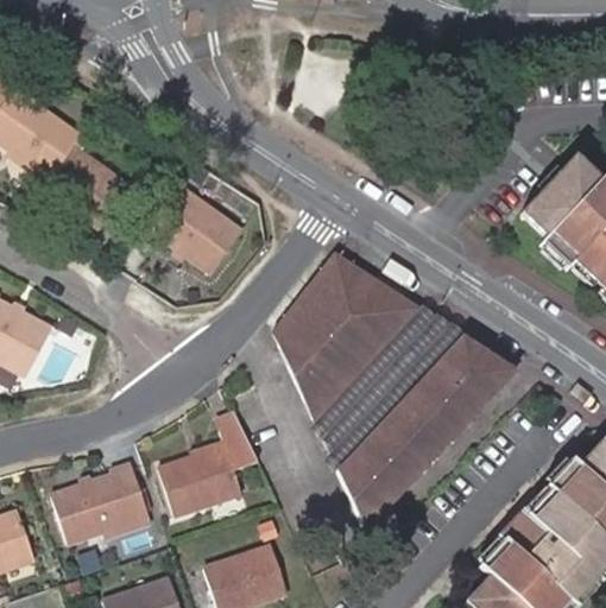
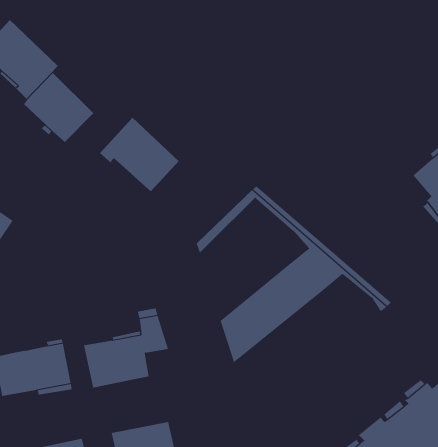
building: [280,266,410,418] -> none
building: [337,344,506,530] -> none

